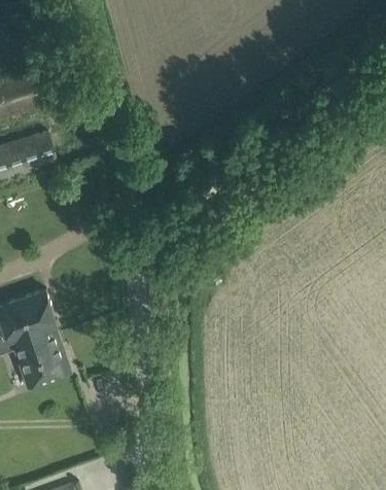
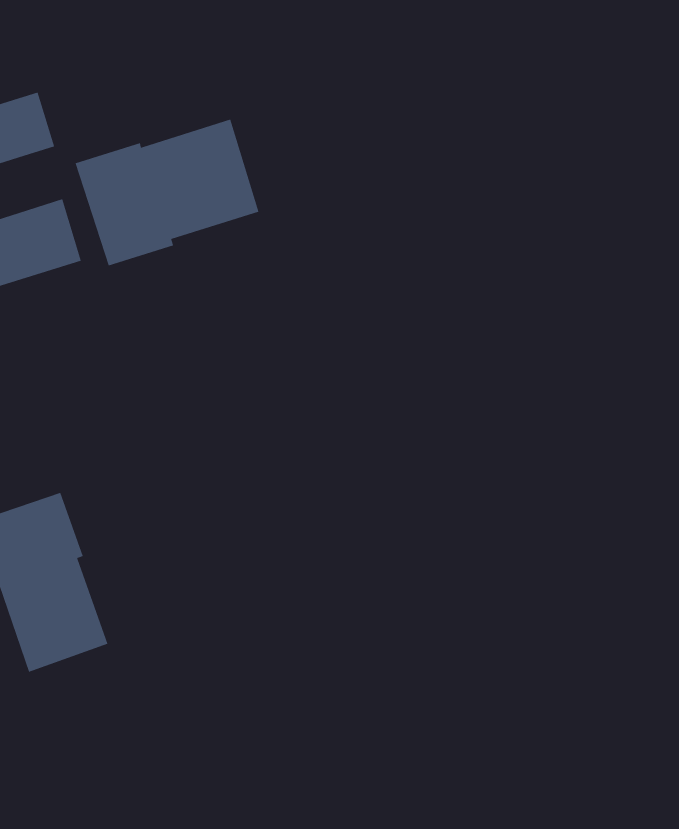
building: none -> [75,118,260,267]

